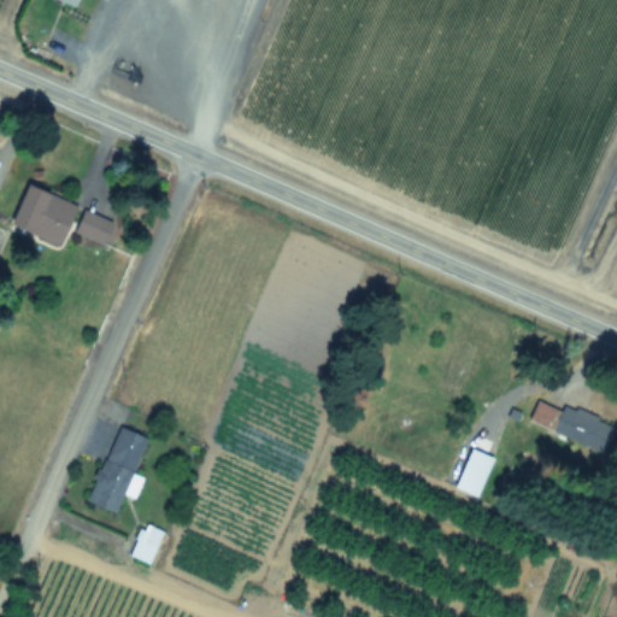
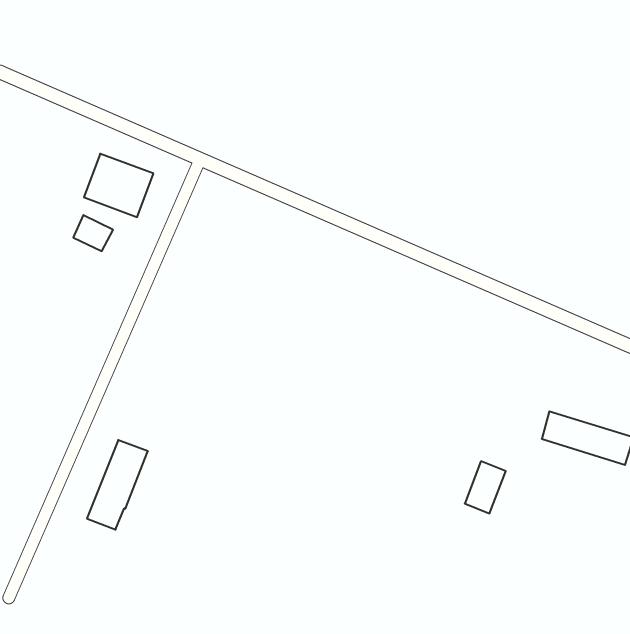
building: [11,186,78,247] -> [84,154,153,217]
building: [130,524,166,565] -> none

